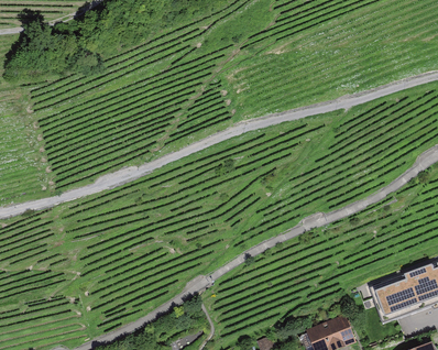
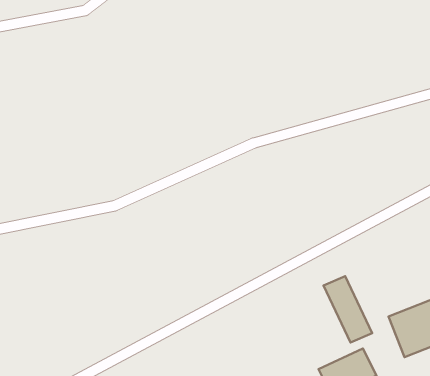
building: none -> [323,276,372,342]

